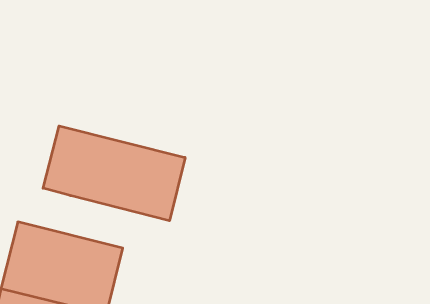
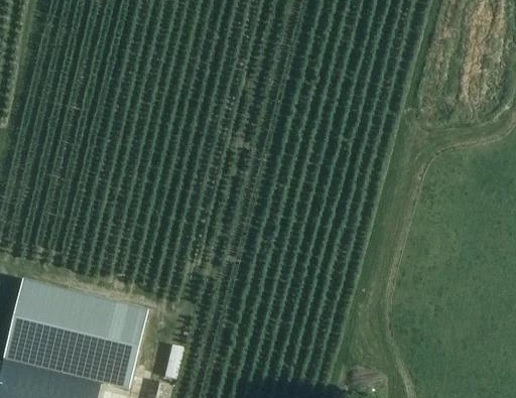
building: [43,126,185,221] -> none

